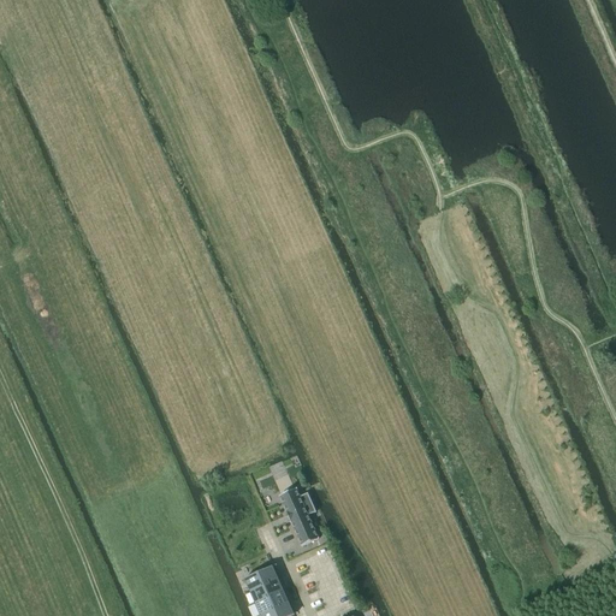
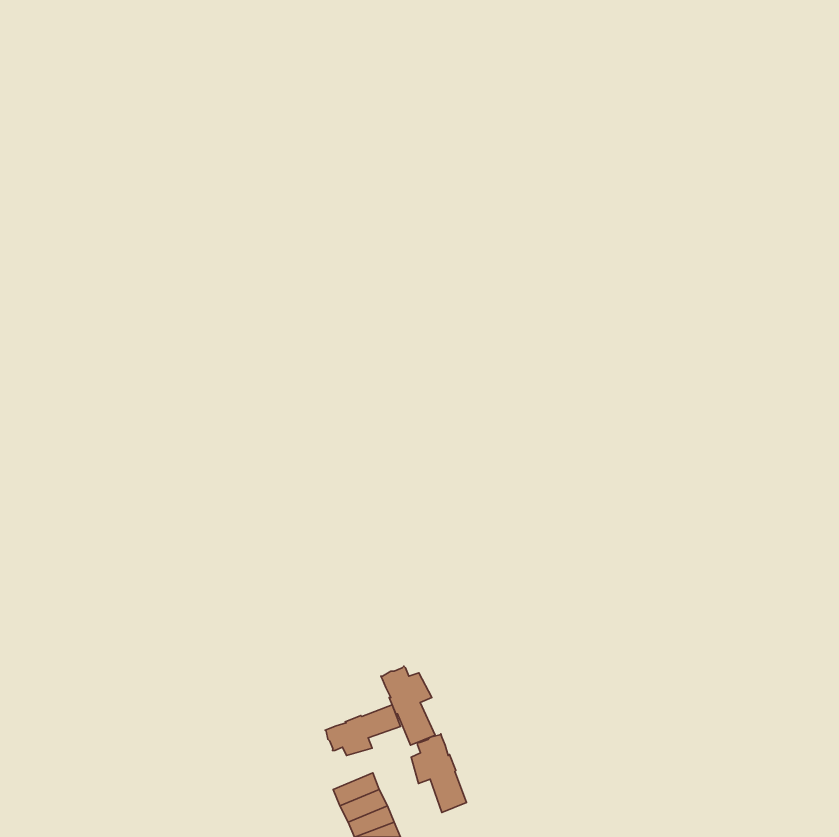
building: none -> [325,705,401,755]
building: none -> [411,734,466,812]

